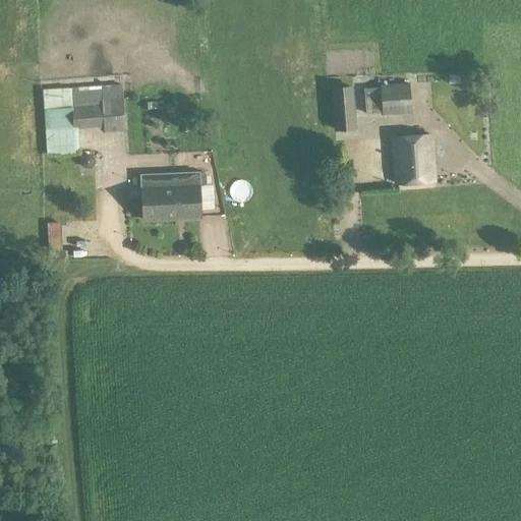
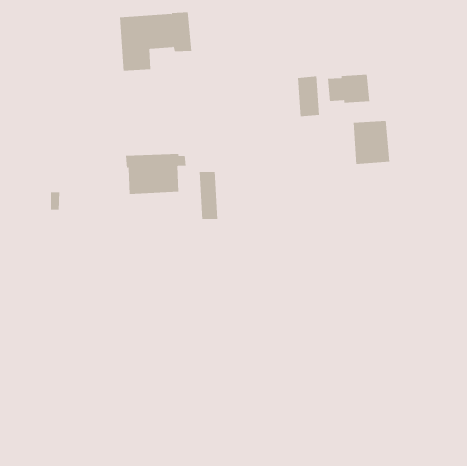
building: [44,88,125,154] -> [119,12,192,71]
building: none -> [199,171,218,220]

